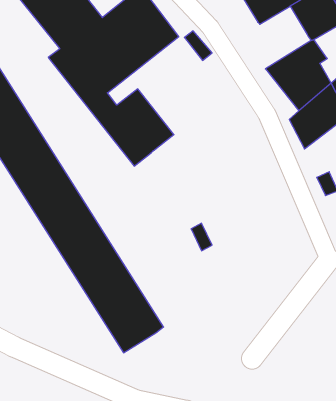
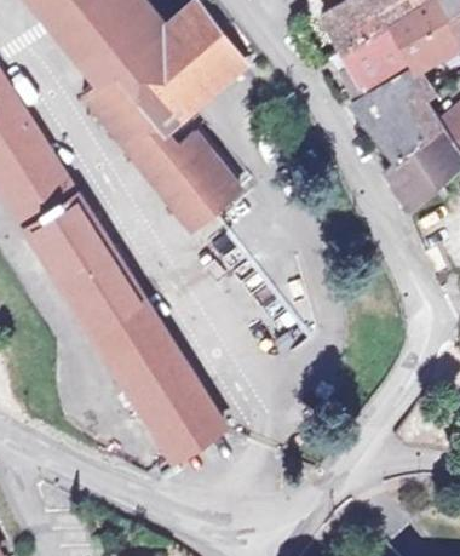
building: none -> [320,23,409,99]

